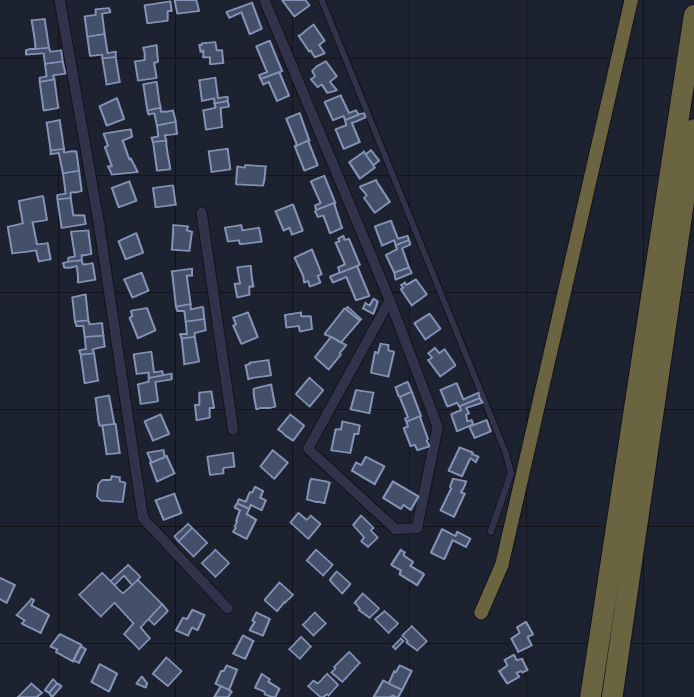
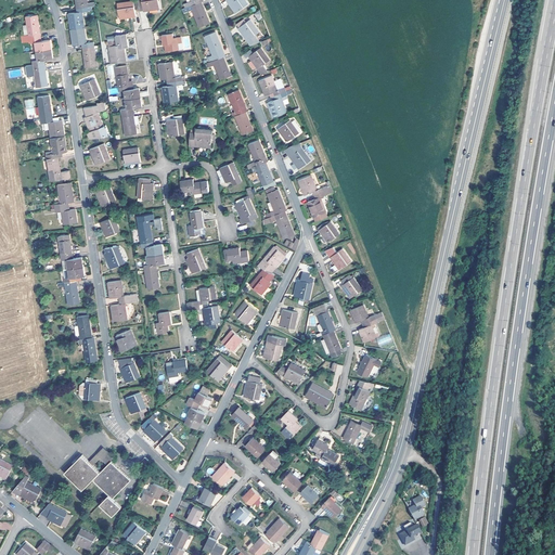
building: [8,196,50,262] -> none

